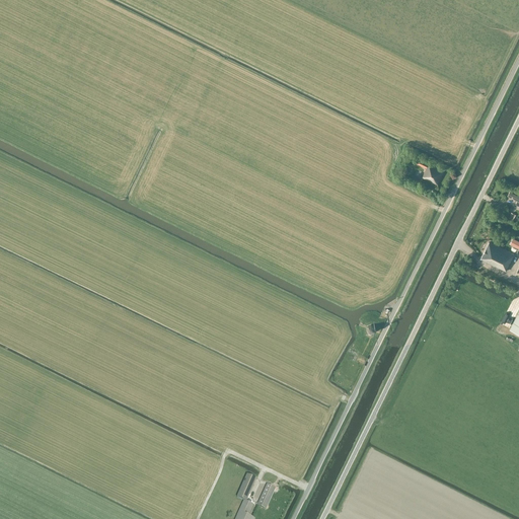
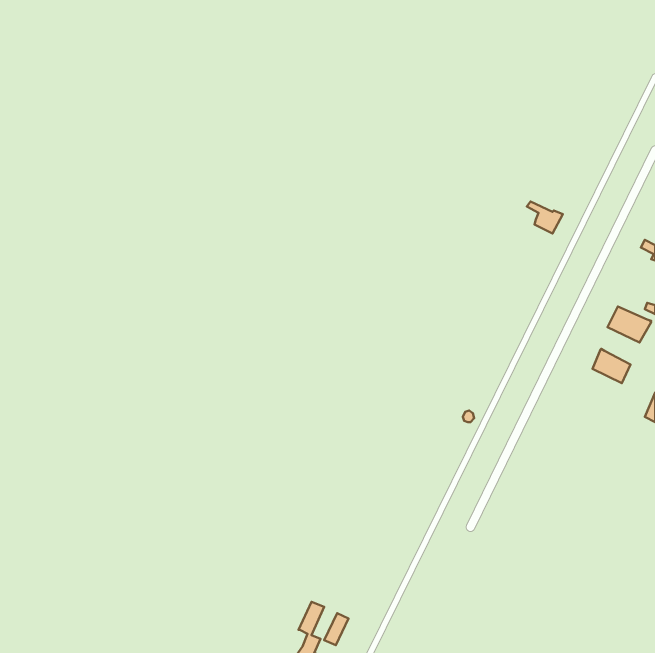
building: none -> [592,349,630,383]

